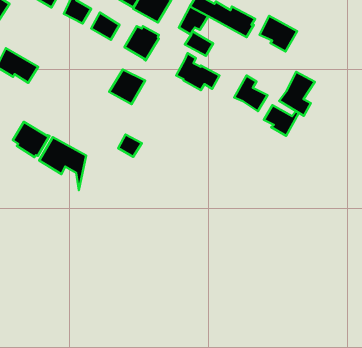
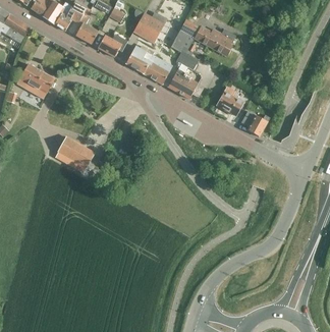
building: [259,16,297,52] -> none
building: [109,70,145,104] -> [143,56,172,85]
building: [279,72,315,116] -> none
building: [13,122,49,157] -> none

